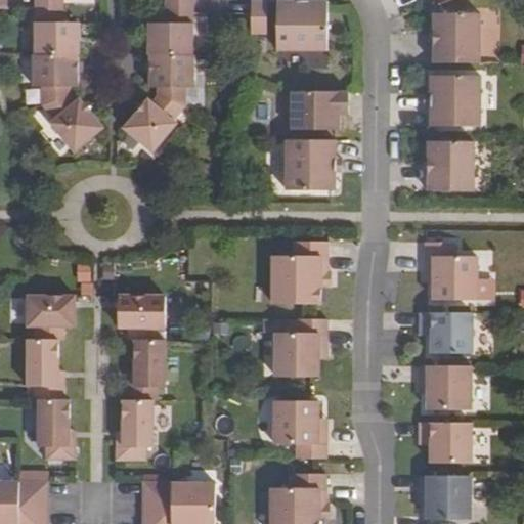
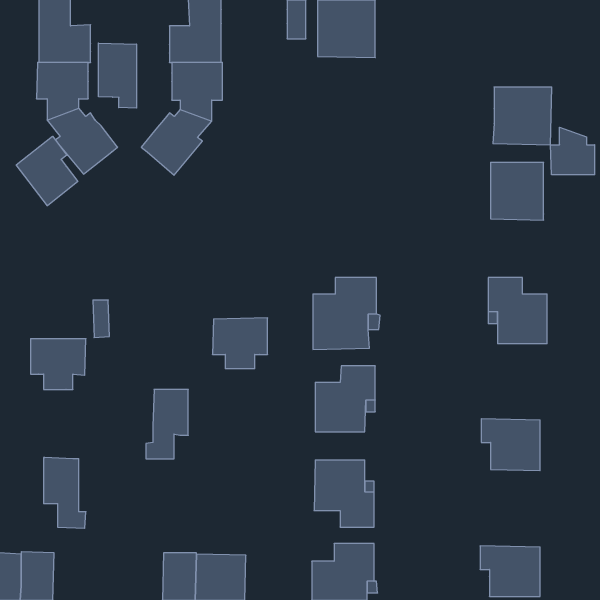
building: [432,12,479,63] -> none
building: none -> [98,43,136,108]
building: [291,91,348,129] -> none
building: none -> [551,127,595,175]
building: none -> [16,136,78,206]
building: [285,139,335,189] -> none
building: [117,295,165,339] -> [212,318,268,369]
building: [419,312,471,353] -> none
building: [27,338,63,399] -> none
building: [116,399,152,460] -> none
building: [418,422,470,463] -> none

